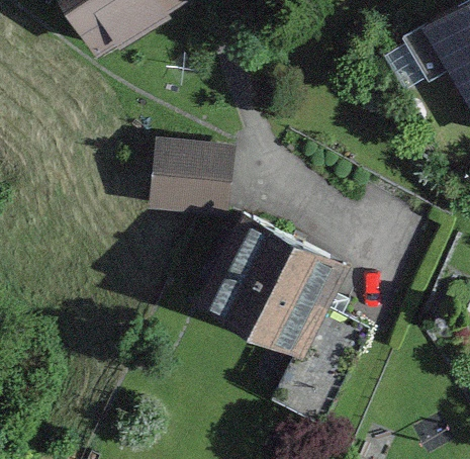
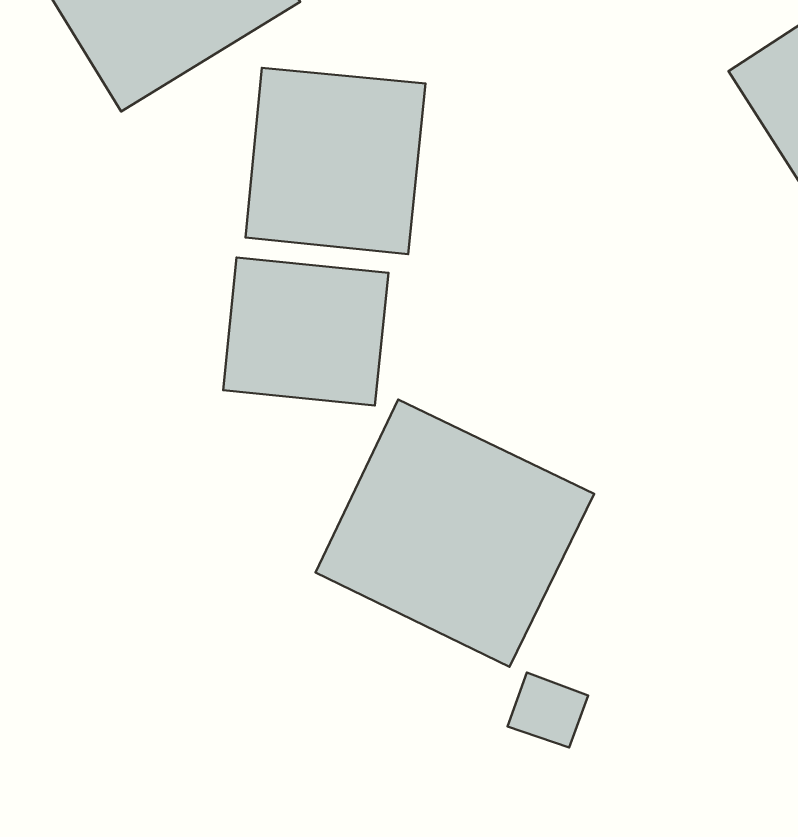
building: none -> [245,68,425,254]

